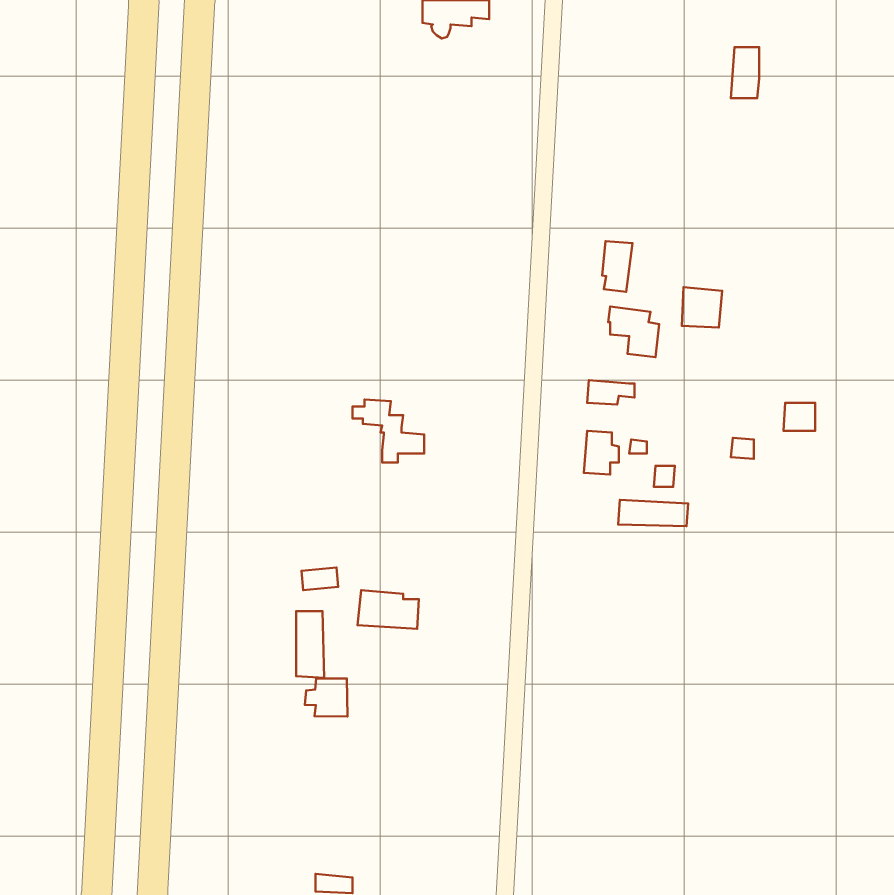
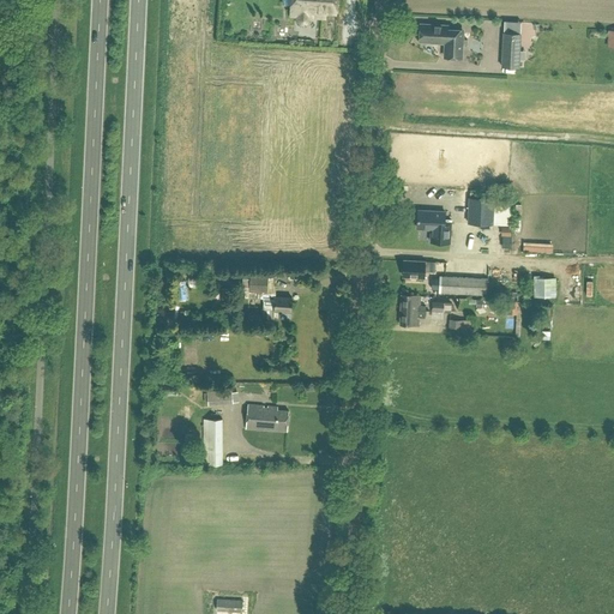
building: none -> [419,24,466,58]
building: [602,241,632,292] -> none
building: [618,500,688,526] -> [438,276,486,294]
building: [305,679,347,716] -> none

